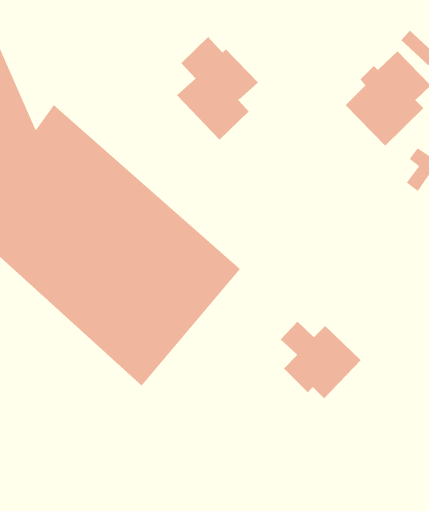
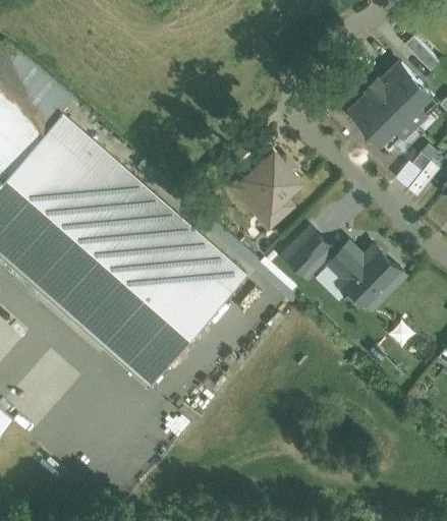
building: [176,36,259,140] -> [225,134,306,237]
building: none -> [282,223,335,279]
building: [280,321,361,399] -> [332,237,412,314]

